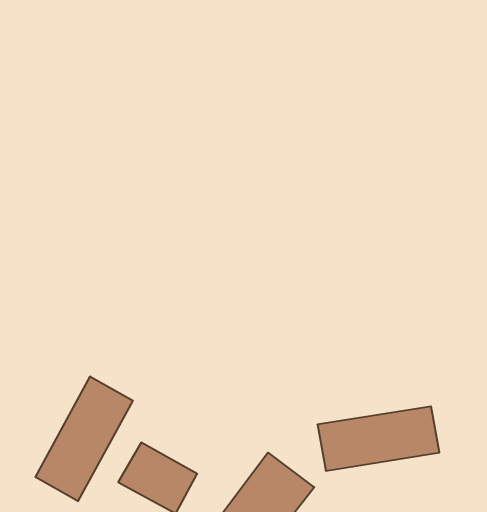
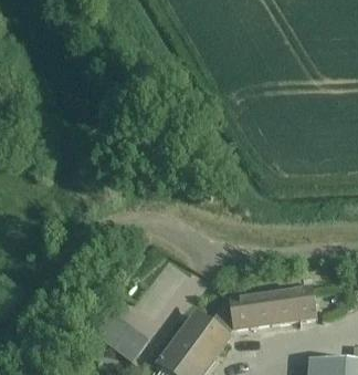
building: [36,376,133,501] -> none

